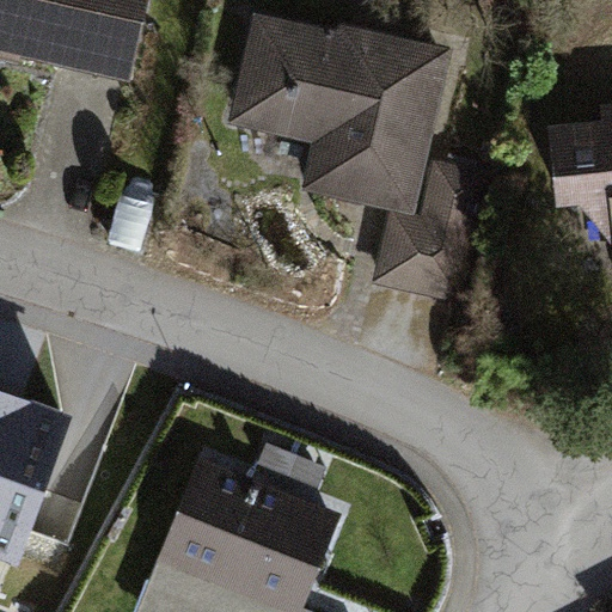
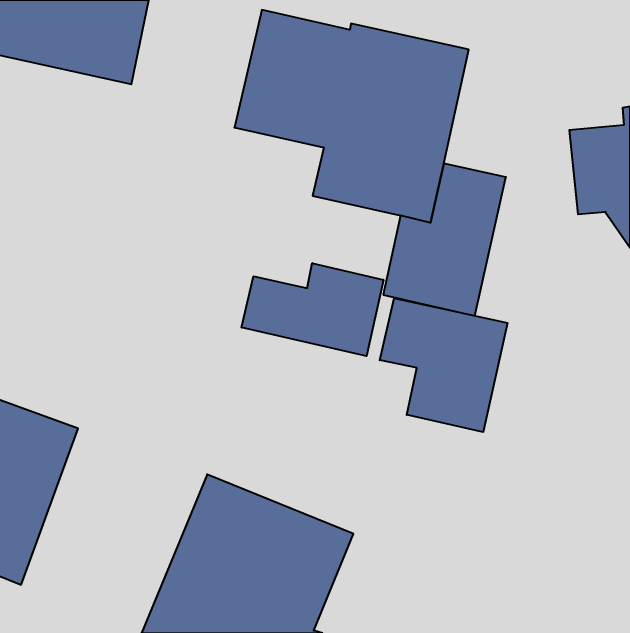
building: none -> [242,263,383,356]
building: none -> [380,298,507,432]

